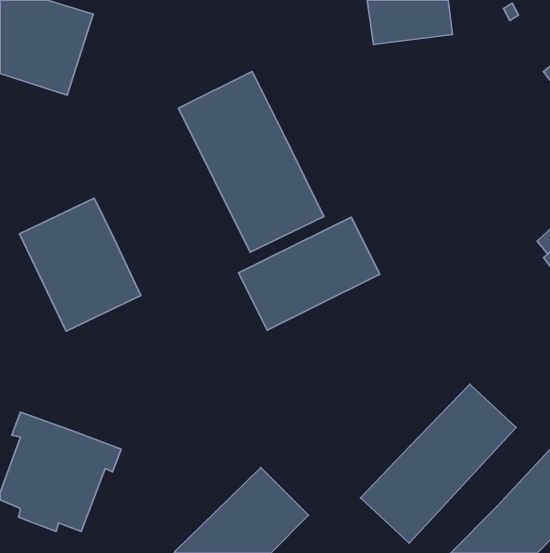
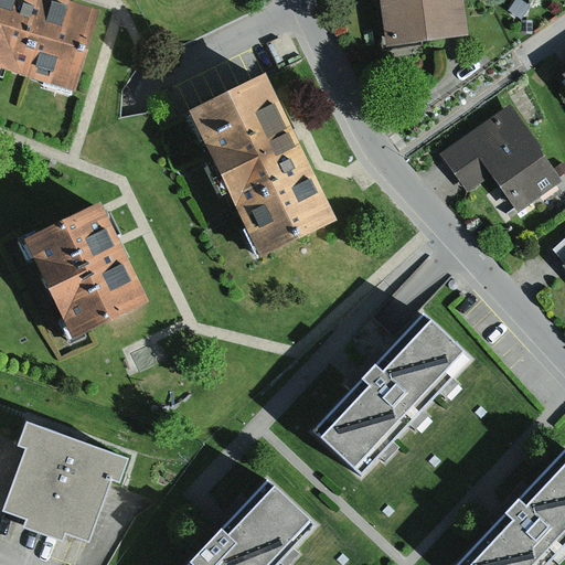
building: none -> [438,103,559,211]
building: [239,217,380,330] -> none
building: [360,384,516,543] -> [313,317,472,479]

